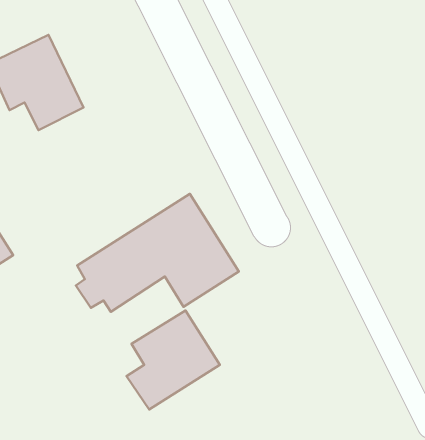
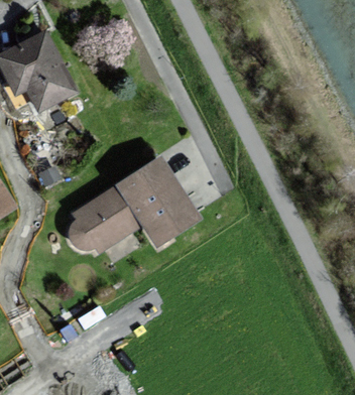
building: [126,311,220,410] -> none

